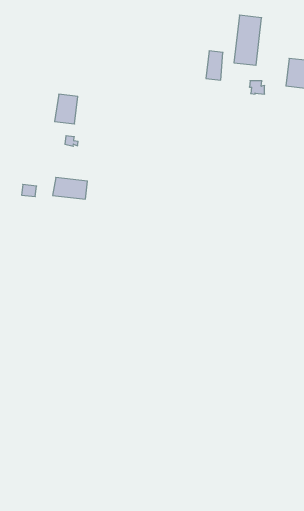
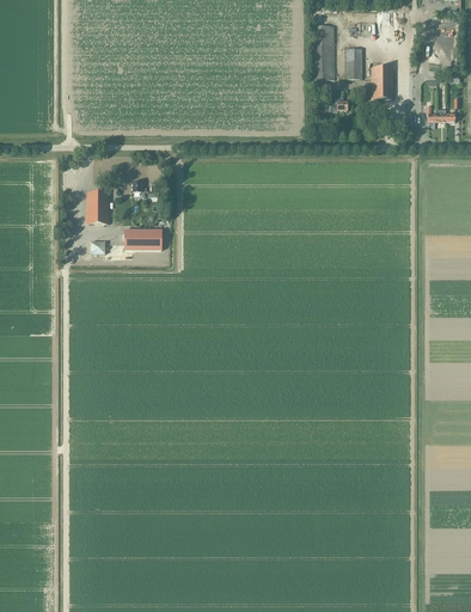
building: [206,51,223,80] -> [345,48,362,79]
building: [55,94,78,124] -> [86,192,109,224]

